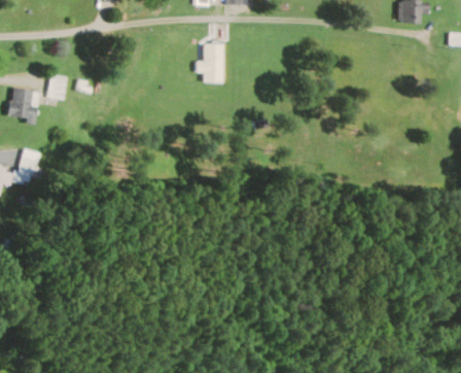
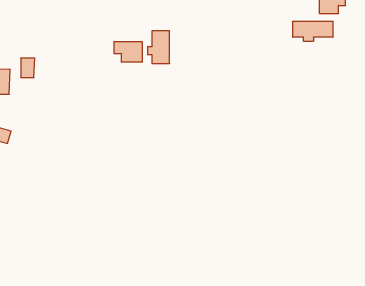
building: none -> [293,21,333,41]
building: none -> [114,41,142,62]

